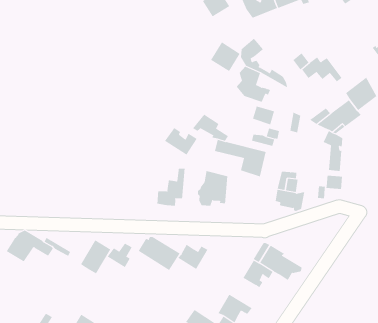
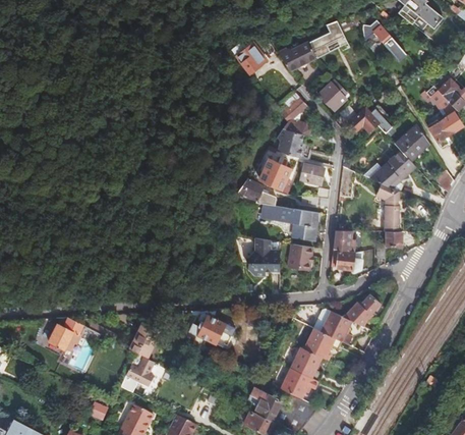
building: none -> [318,79,347,110]
building: [210,42,240,72] -> [258,156,290,187]
building: [164,127,197,156] -> none
building: [157,168,185,206] -> none
building: none -> [287,243,312,271]
building: none -> [344,295,379,326]
building: [107,243,133,268] -> [125,359,152,385]
building: [178,244,208,270] -> none
building: none -> [290,346,319,380]

